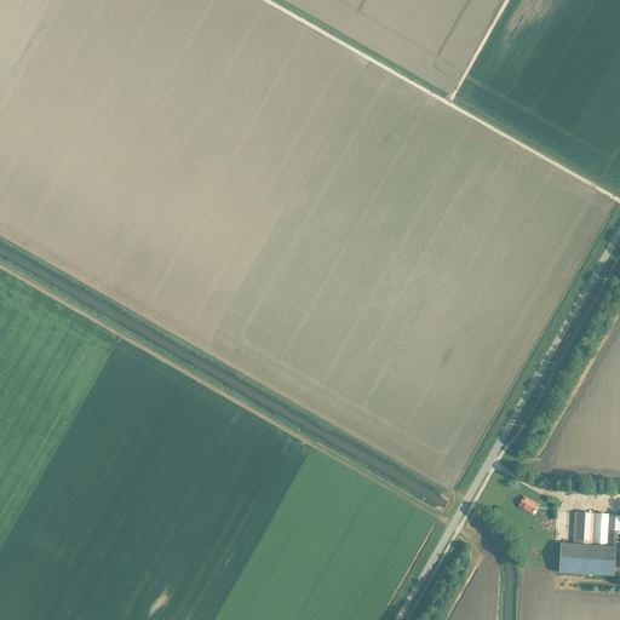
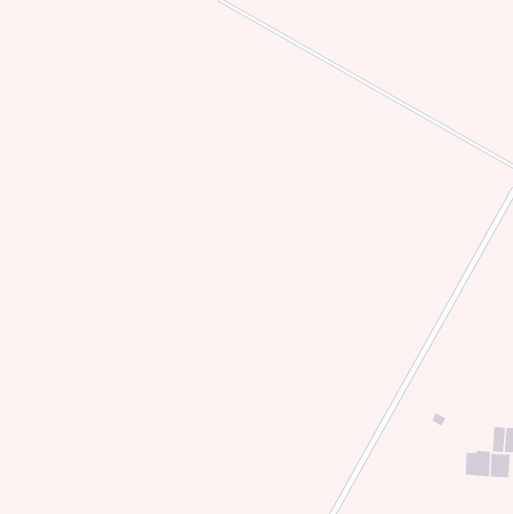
building: [574,512,596,544] -> none

